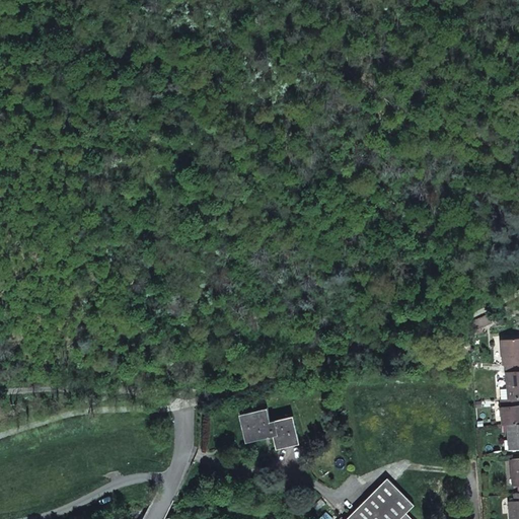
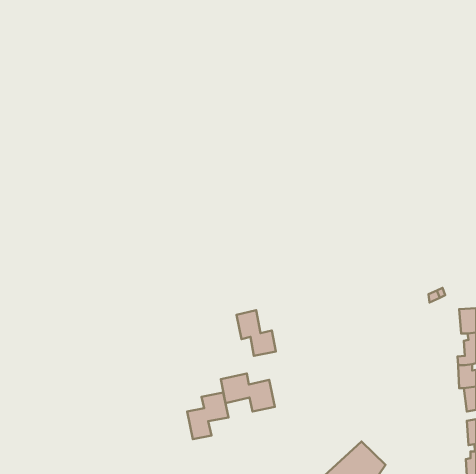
building: none -> [237,310,276,356]
building: none -> [187,393,229,439]

